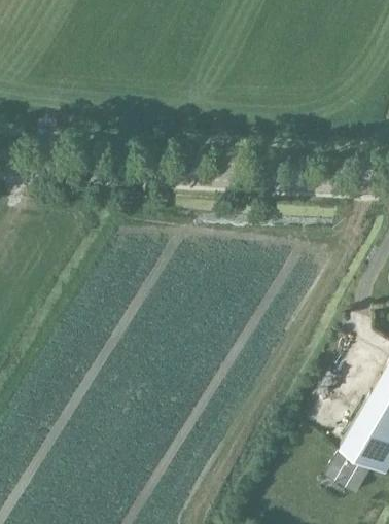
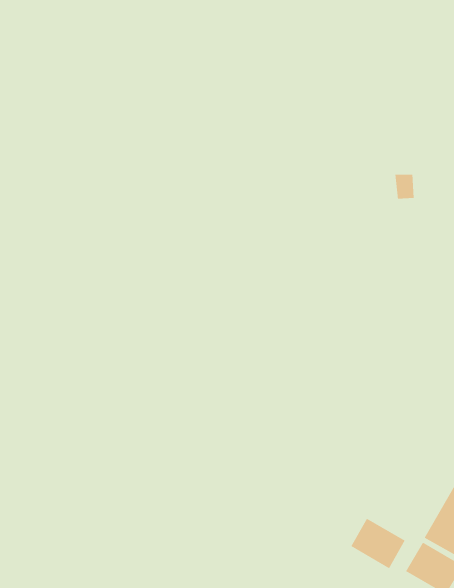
building: none -> [350,518,406,569]

